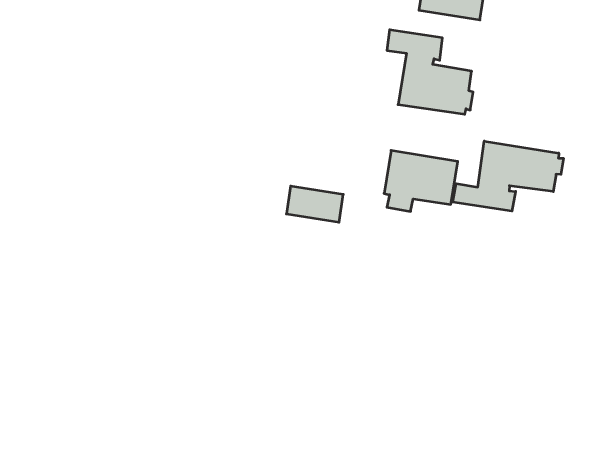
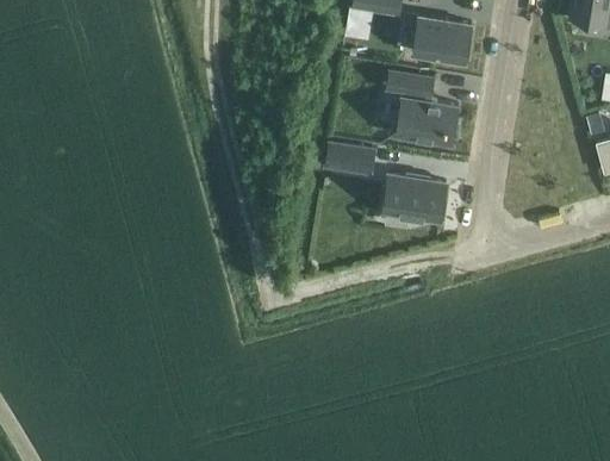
building: [453,141,563,211] -> none
building: [286,186,343,222] -> [326,143,375,174]

